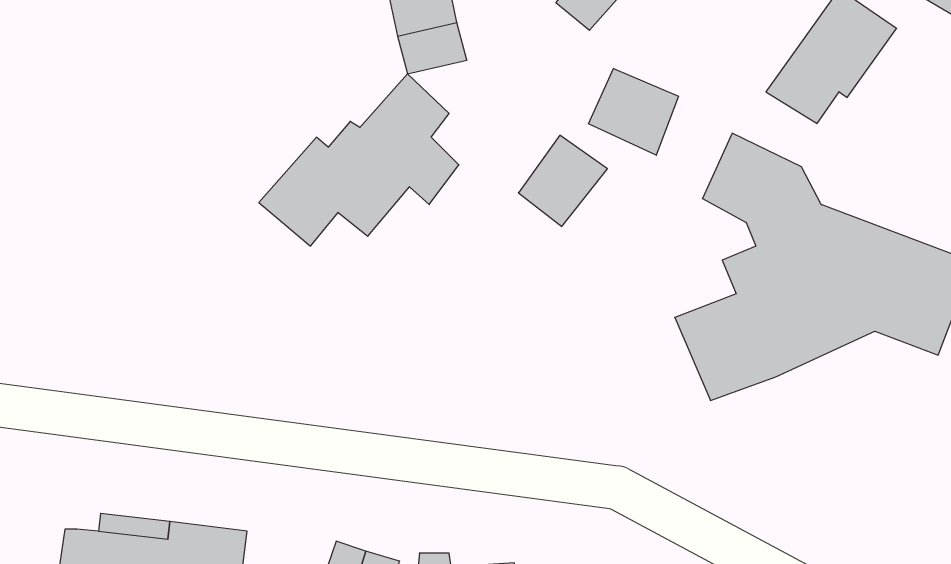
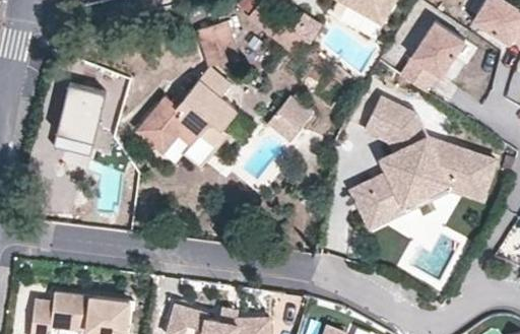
building: [588,68,678,155] -> none
building: none -> [56,90,105,156]

